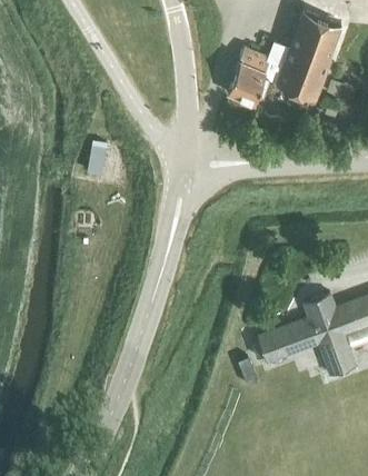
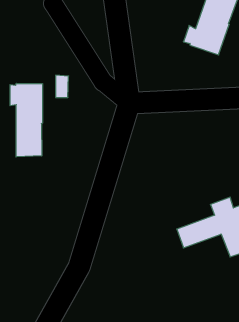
building: [227,48,275,106] -> none
building: none -> [10,83,42,157]

